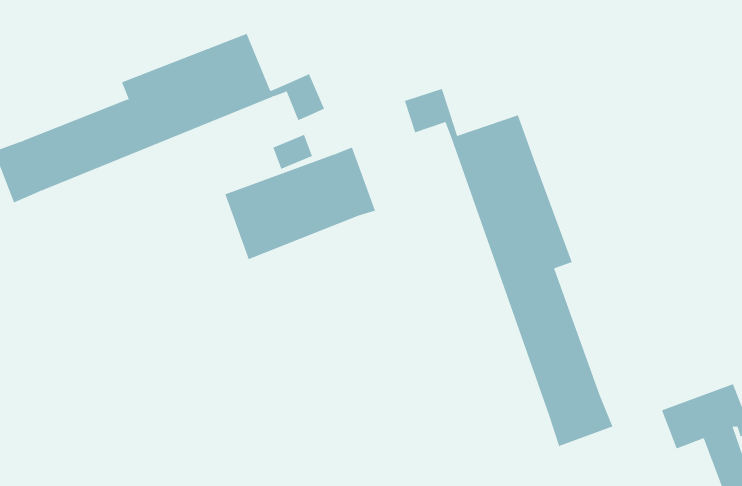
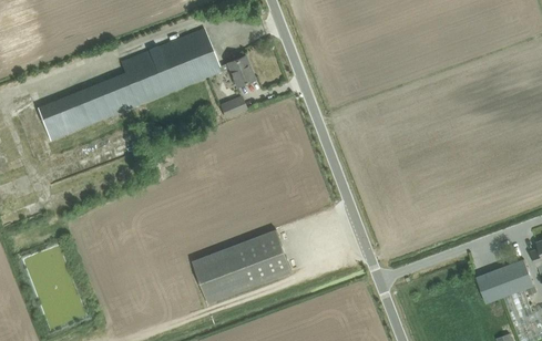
building: [404,88,613,447] -> none
building: [225,147,376,260] -> [192,230,292,304]

